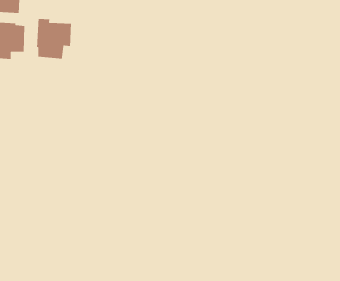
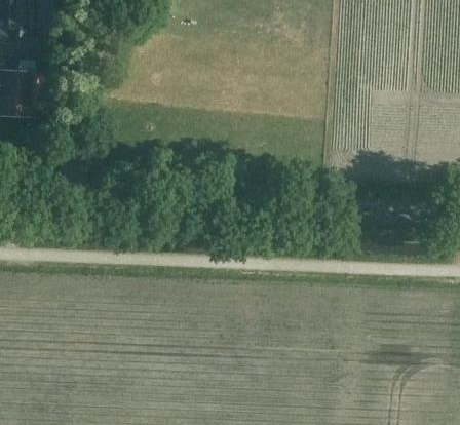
building: [36,18,72,59] -> none

